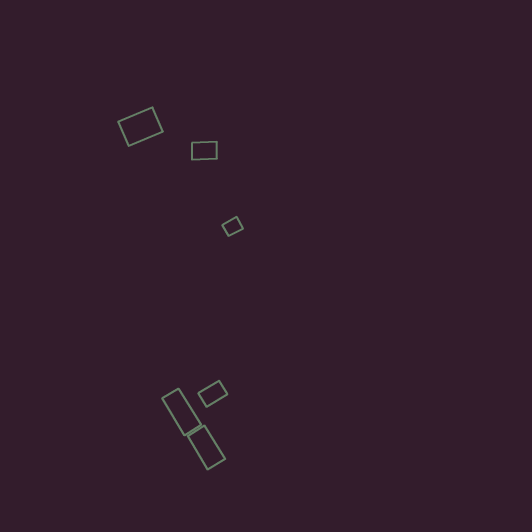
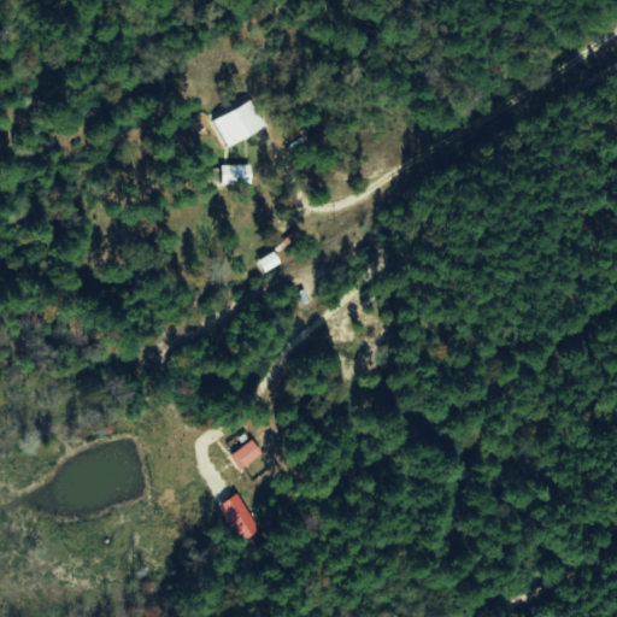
building: [118,107,163,146] -> [213,101,265,146]
building: [162,389,201,435] -> none

